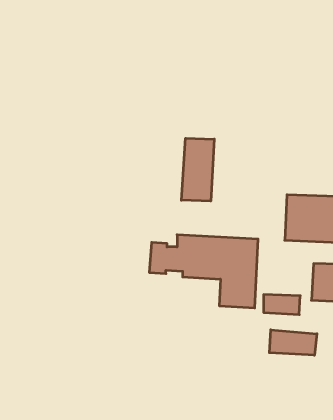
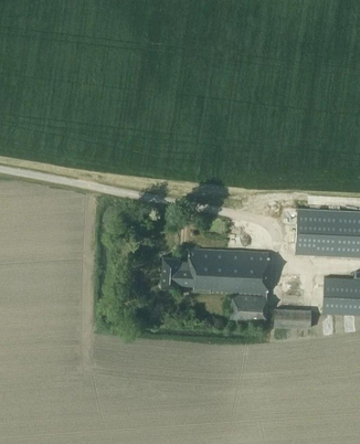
building: [181,138,214,201] -> none
building: [269,330,317,355] -> none

